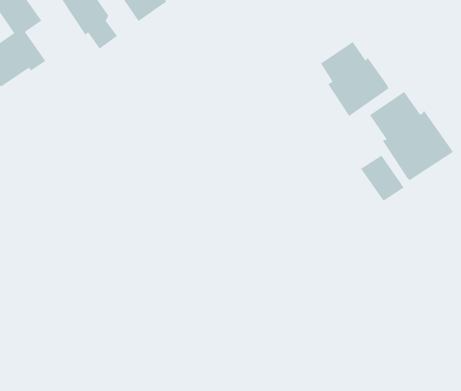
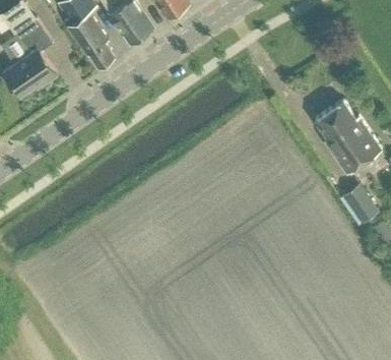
building: [320,41,389,117] -> none
building: [360,155,404,202] -> [343,185,379,223]

